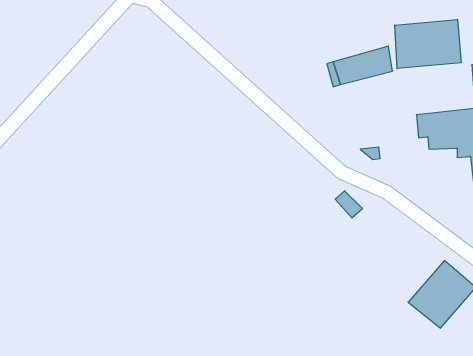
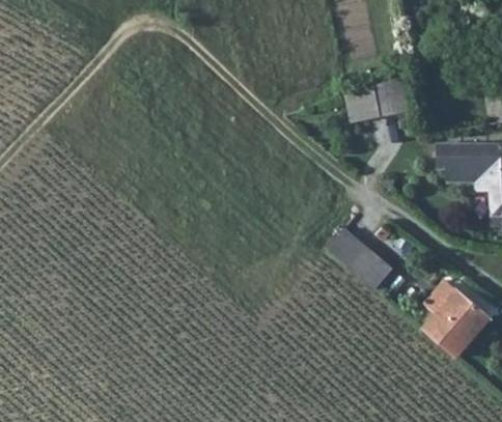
building: [395,19,461,69] -> none
building: none -> [328,231,392,292]

